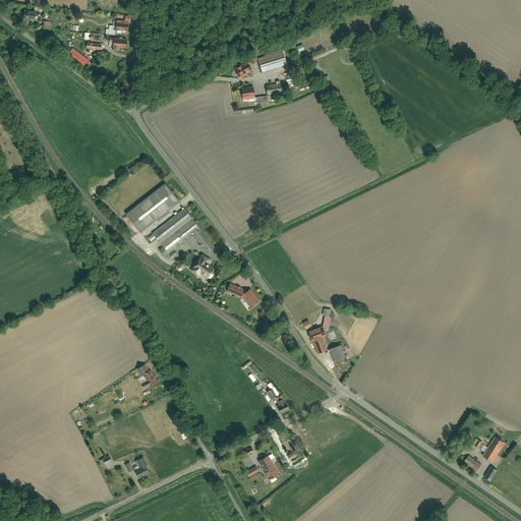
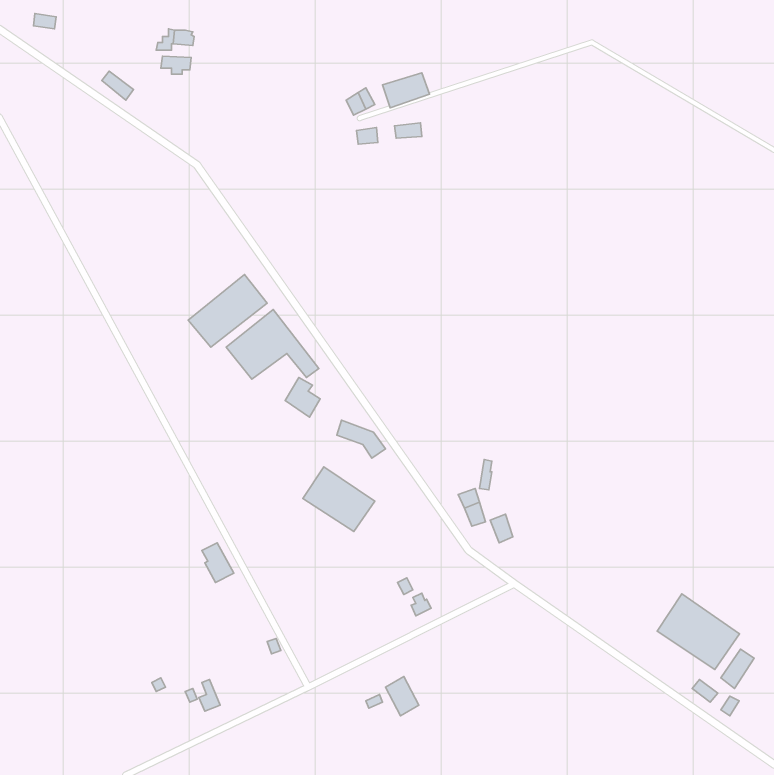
building: none -> [303,467,375,532]
building: none -> [657,594,740,669]

